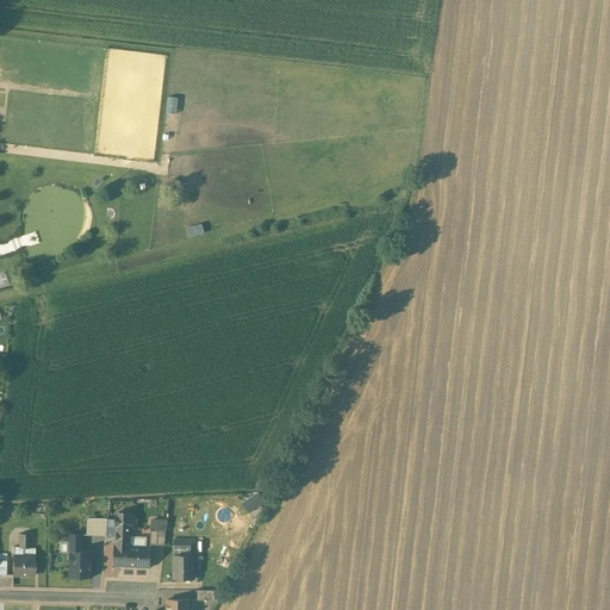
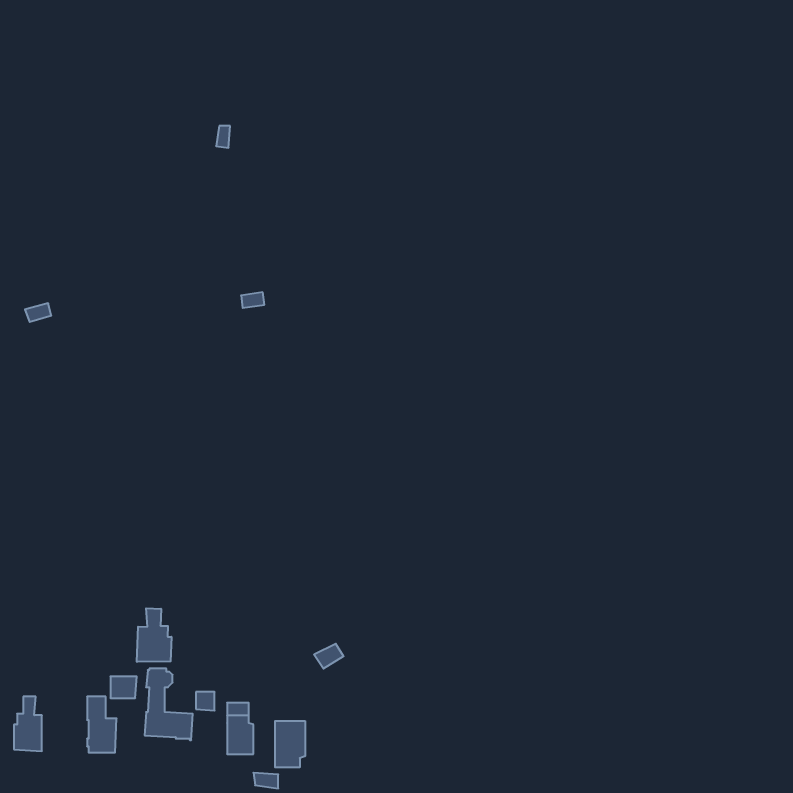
building: none -> [137,608,171,662]
building: none -> [275,721,305,767]

